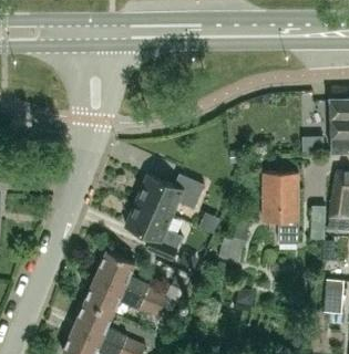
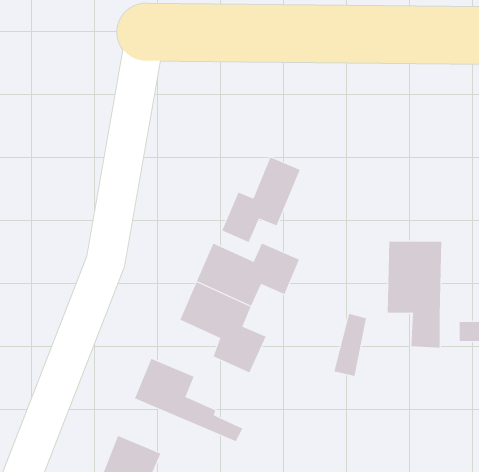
building: none -> [221,156,300,243]
building: [83,278,162,317] -> none

